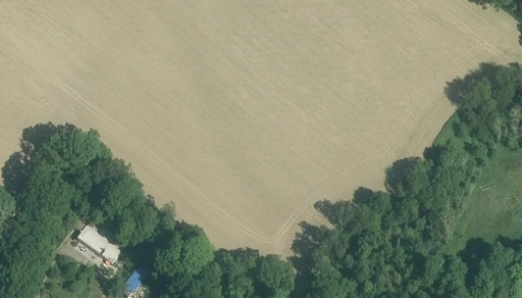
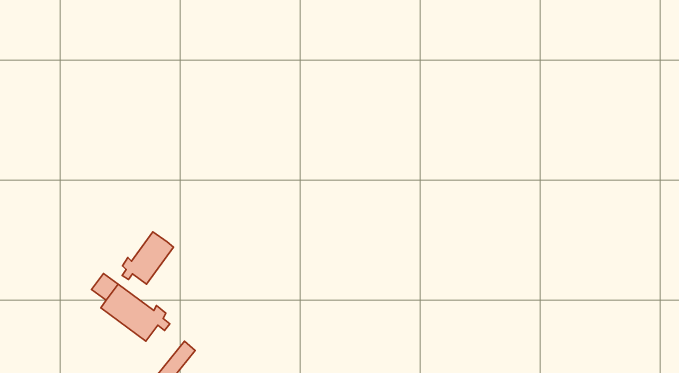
building: none -> [122,232,174,284]

